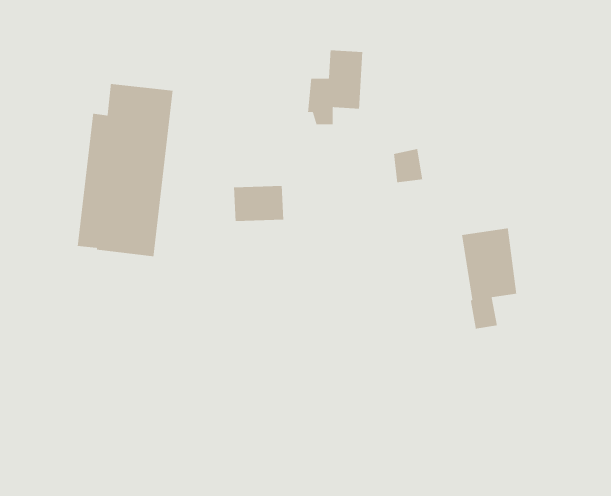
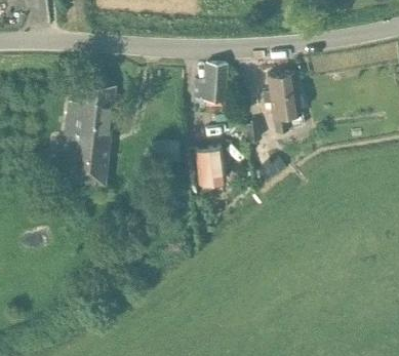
building: none -> [196,147,226,185]
building: [461,227,517,329] -> [268,73,301,132]

